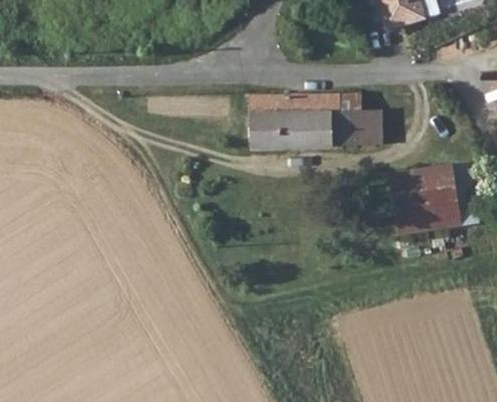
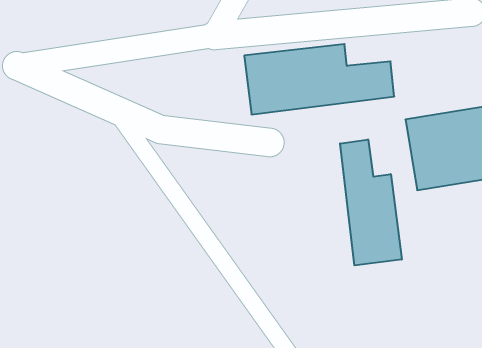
building: none -> [340,139,402,265]

